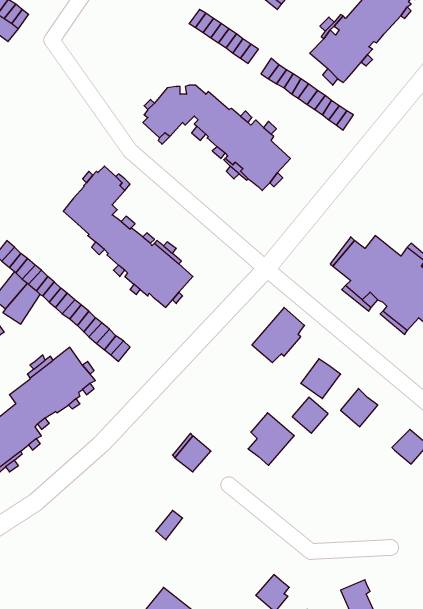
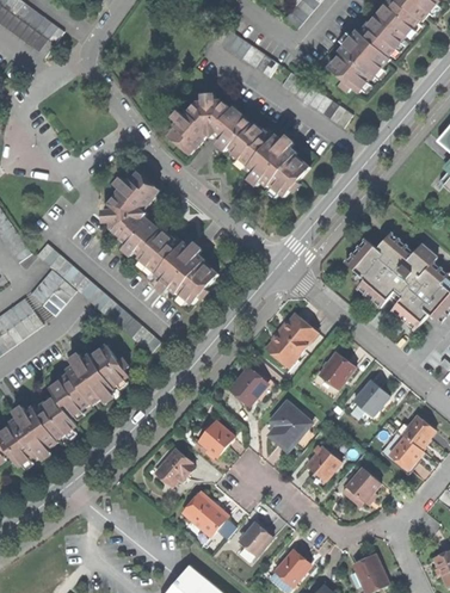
building: none -> [228,370,265,407]
building: [292,397,328,433] -> [307,447,340,481]
building: none -> [388,437,423,469]
building: none -> [156,451,193,487]
building: none -> [346,468,380,499]
building: none -> [191,500,227,536]
building: none -> [239,523,271,555]

